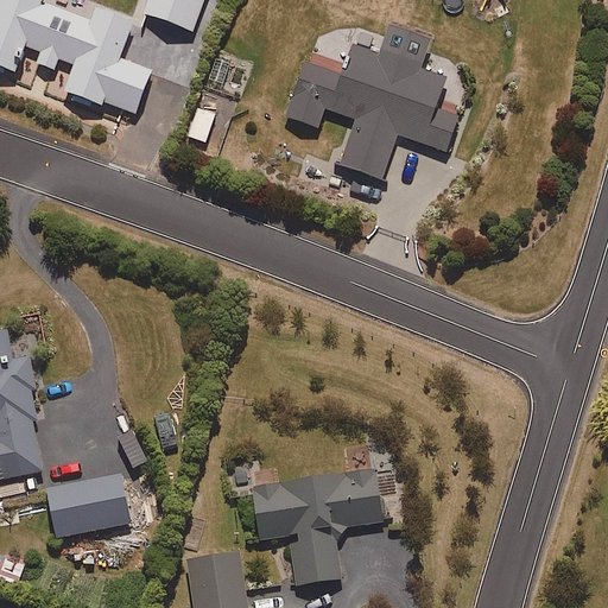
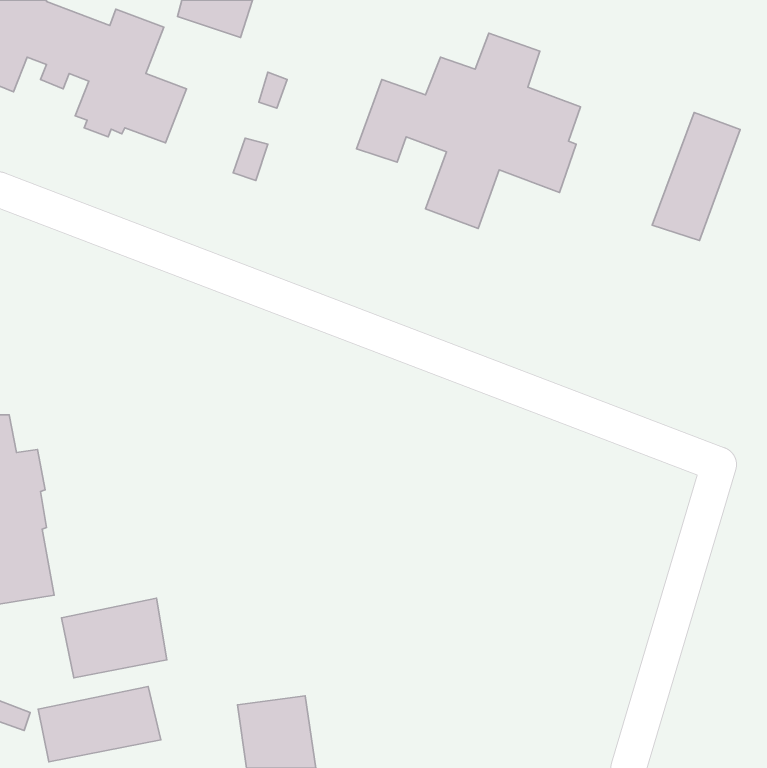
building: none -> [652,112,740,240]
building: [253,468,385,583] -> none
building: none -> [38,687,161,762]

